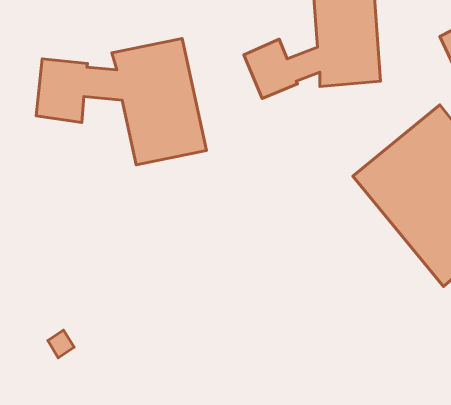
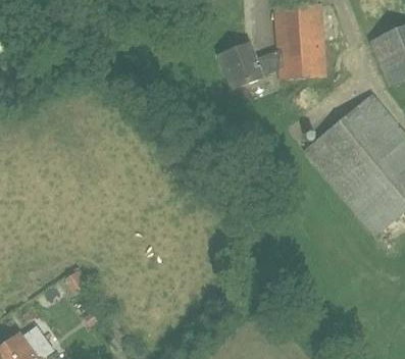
building: [36,38,206,165] -> none

